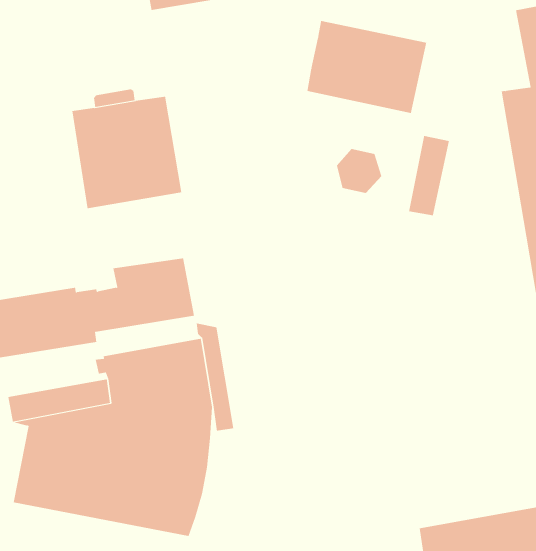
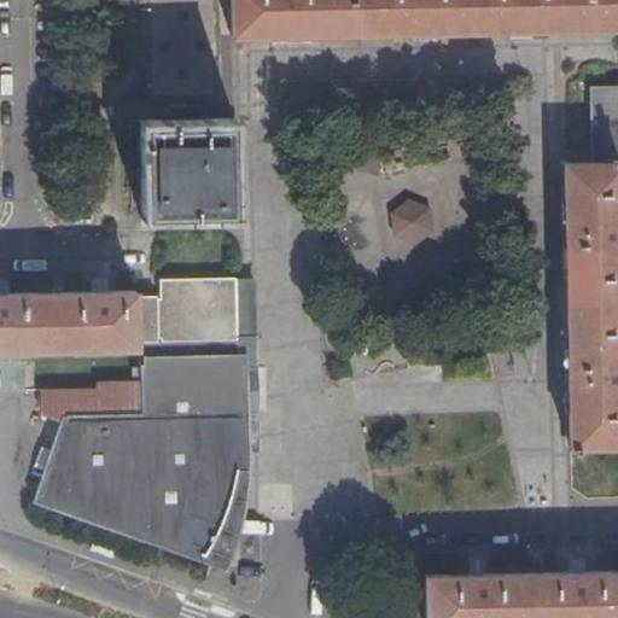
building: [307,20,427,114] -> none
building: [409,135,450,216] -> none
building: none -> [135,339,238,366]

